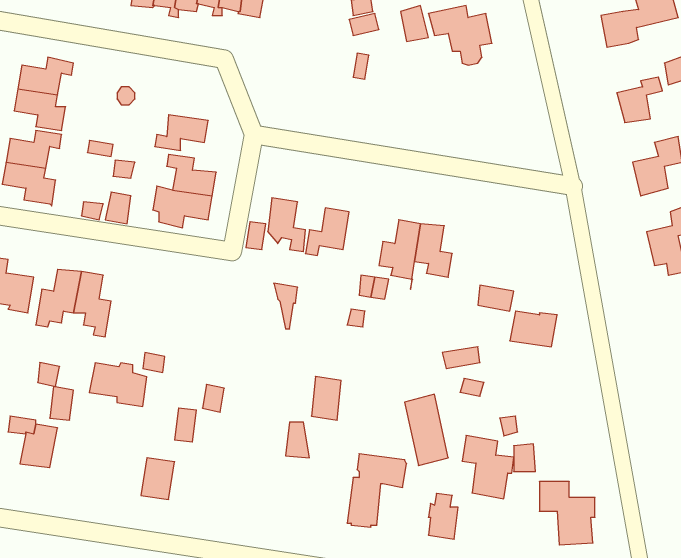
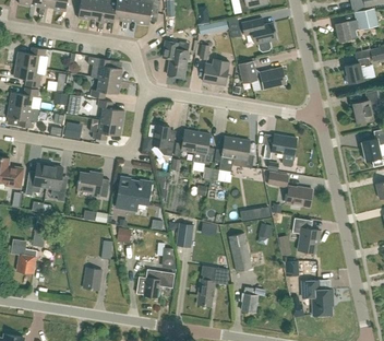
building: none -> [163,40,188,77]
building: none -> [87,56,122,81]
building: none -> [202,58,229,84]
building: none -> [239,60,286,87]
building: none -> [192,131,214,163]
building: none -> [263,133,297,165]
building: none -> [116,179,151,210]
building: [89,363,147,406] -> [77,172,109,196]
building: [462,435,514,499] -> [292,217,321,252]
building: none -> [133,269,173,296]

